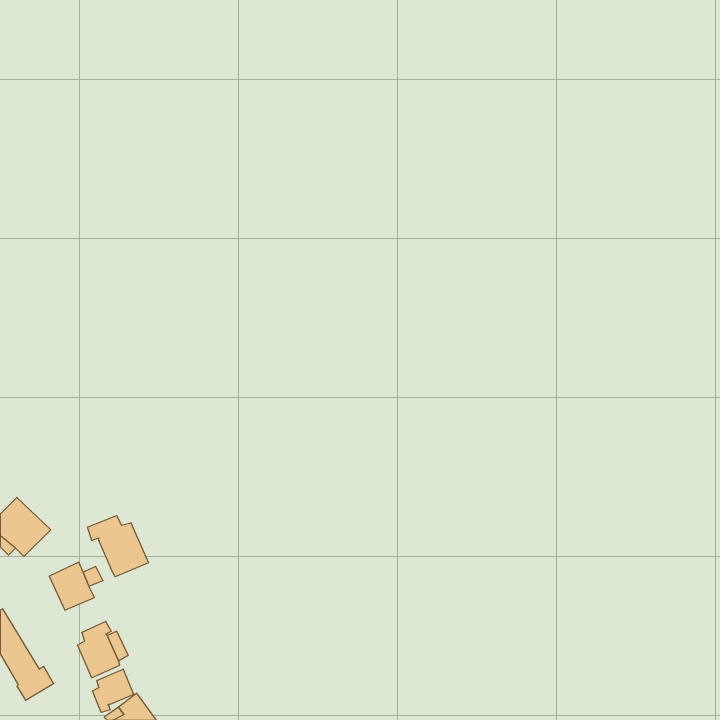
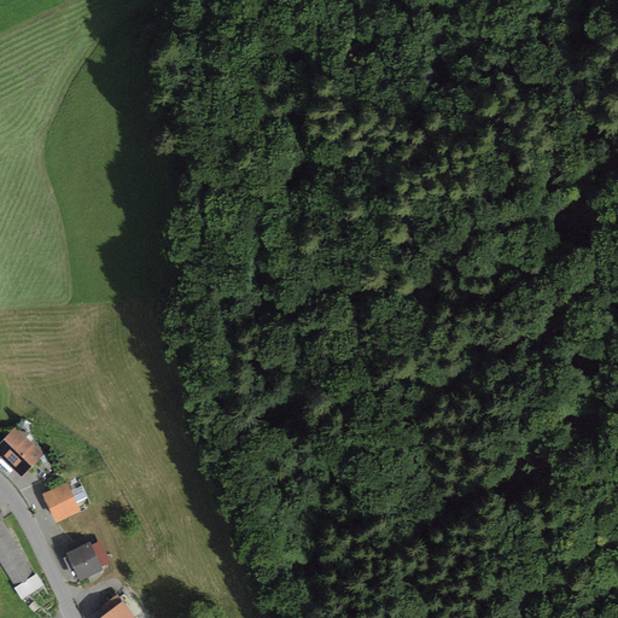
building: [88,516,149,577] -> none
building: [93,669,134,712] -> none

